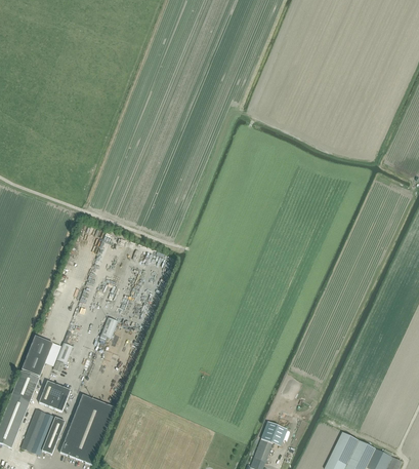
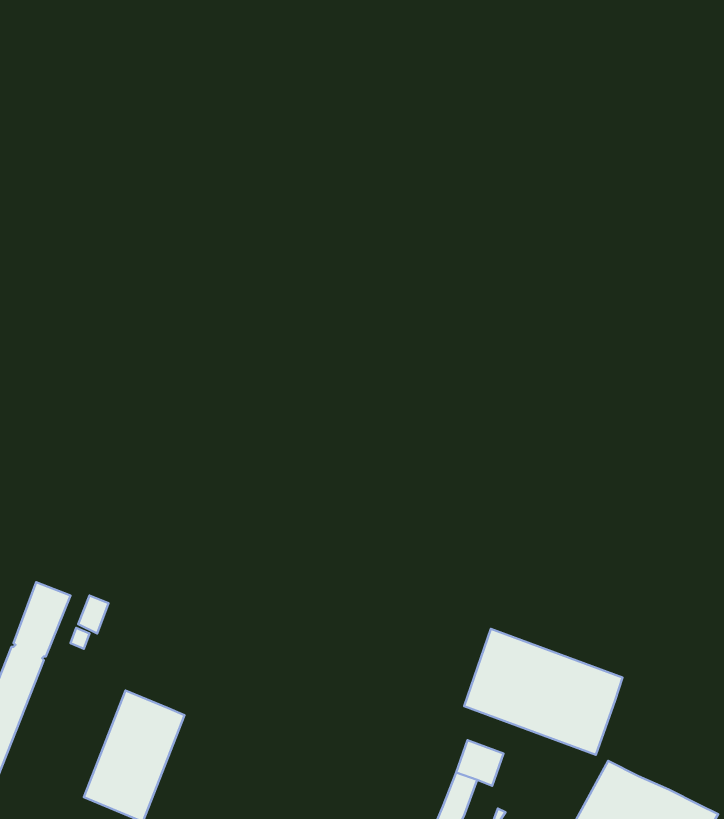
building: none -> [464,629,622,755]
building: [38,381,70,412] -> none
building: [20,409,65,455] -> none

